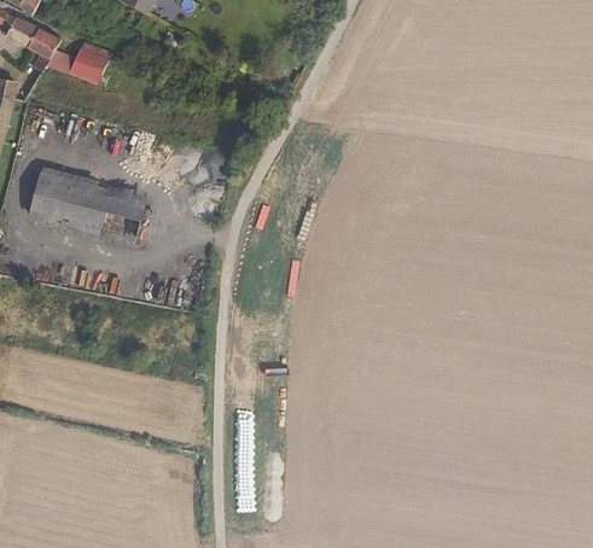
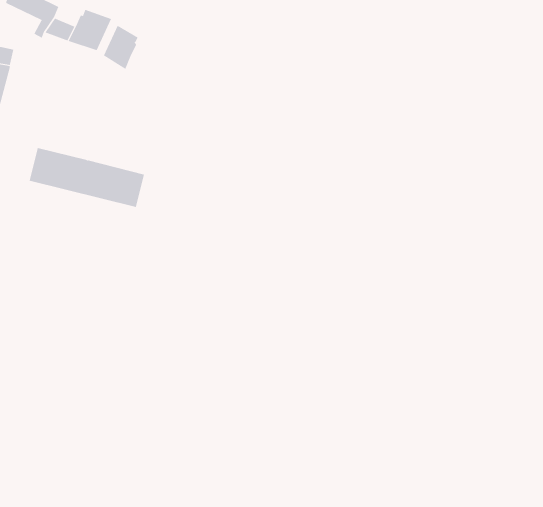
building: none -> [103,25,138,70]

